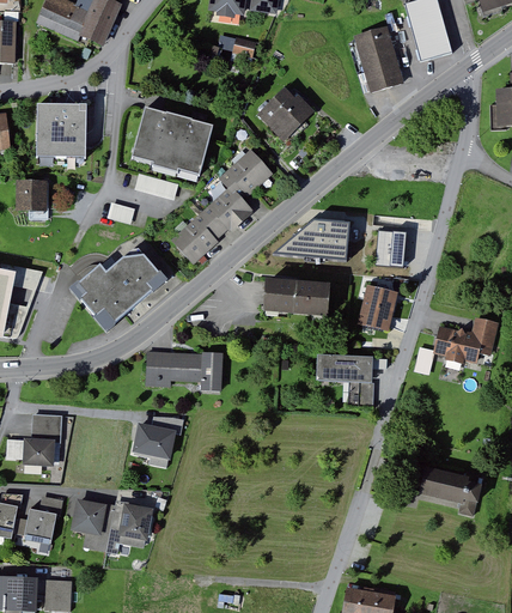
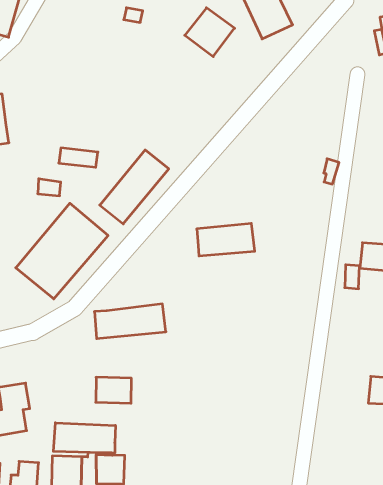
building: [257,89,311,141] -> [185,8,235,57]
building: [130,108,212,176] -> none
building: [218,148,272,202] -> none
building: [272,218,353,261] -> none
building: [374,230,407,267] -> none
building: [359,281,397,329] -> none
building: [317,356,373,405] -> none
building: none -> [53,423,115,453]

